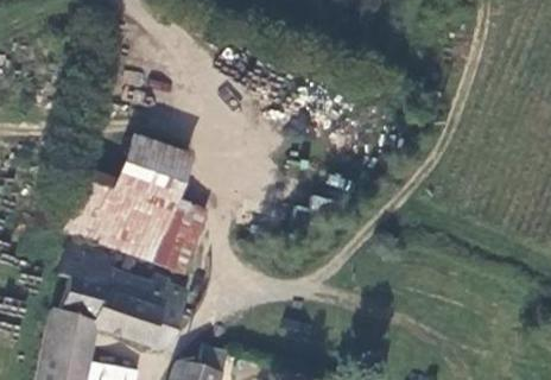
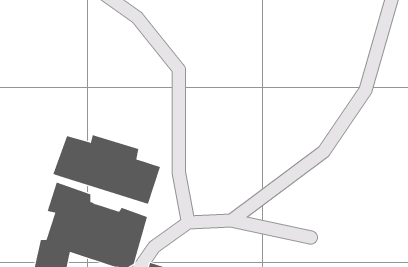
building: [118,141,190,202] -> none

